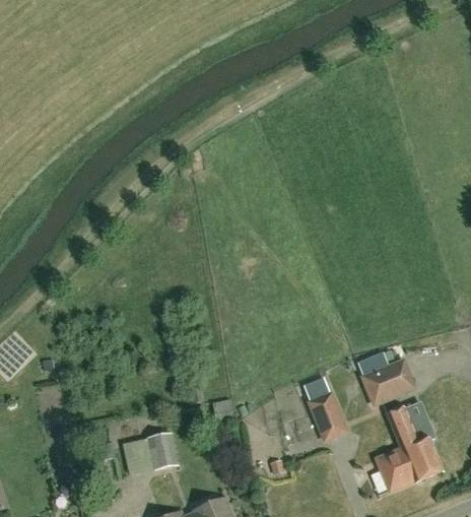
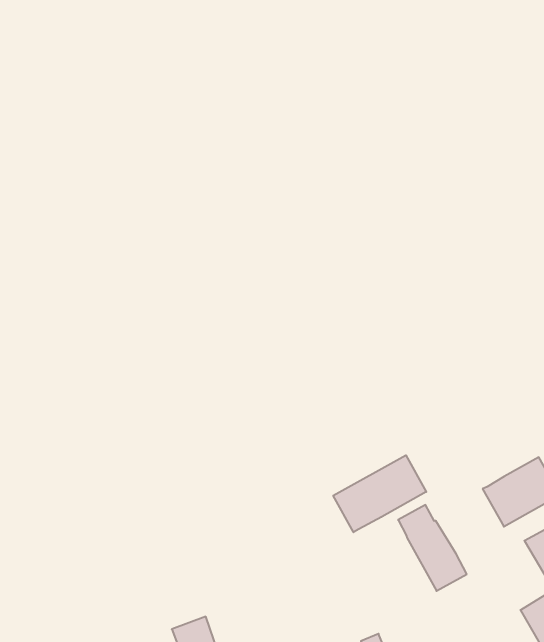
building: none -> [333,455,426,532]

